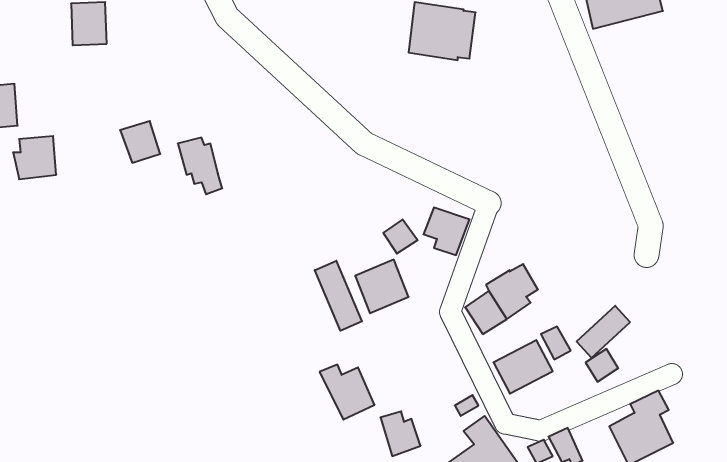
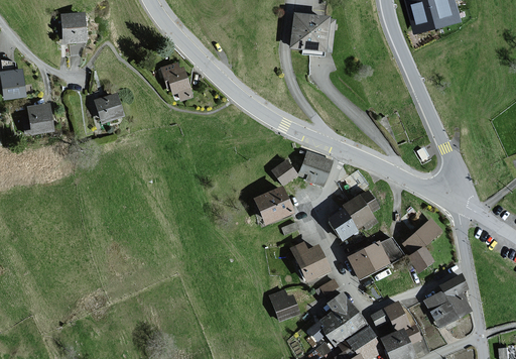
building: [178,138,222,194] -> [161,63,191,101]
building: [315,261,362,331] -> none
building: [320,365,375,420] -> [291,243,329,280]

